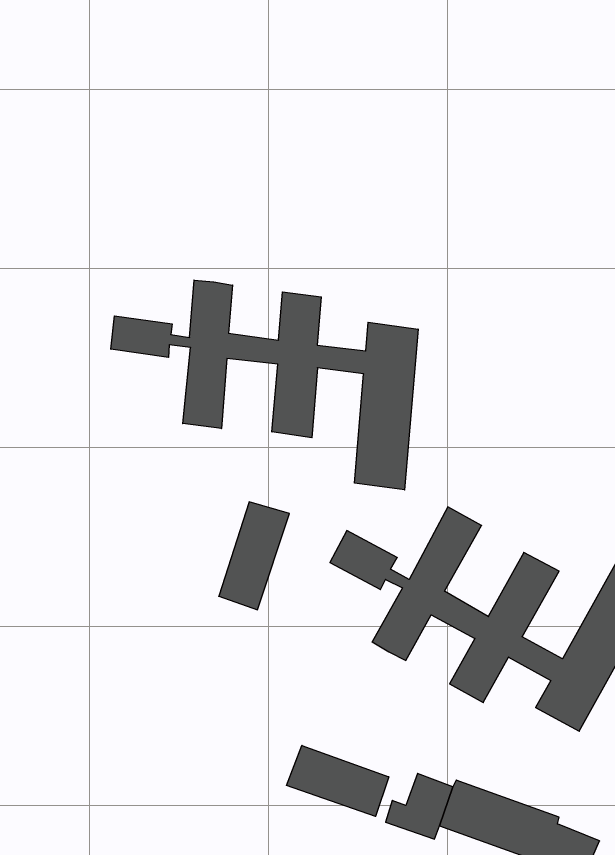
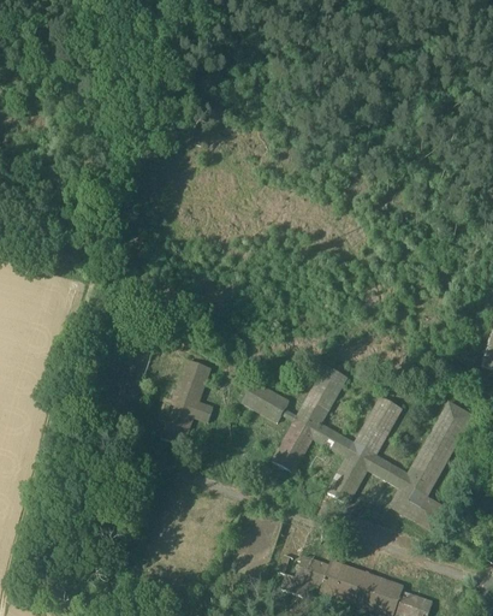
building: [111,280,418,490] -> none
building: [287,745,389,816] -> none

